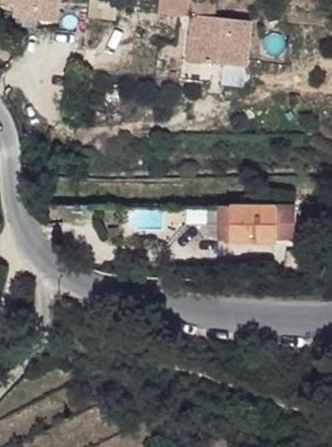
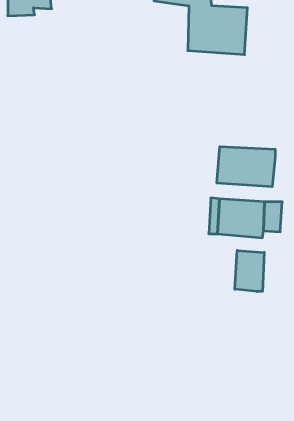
building: none -> [217,147,275,187]
building: none -> [235,250,264,292]

